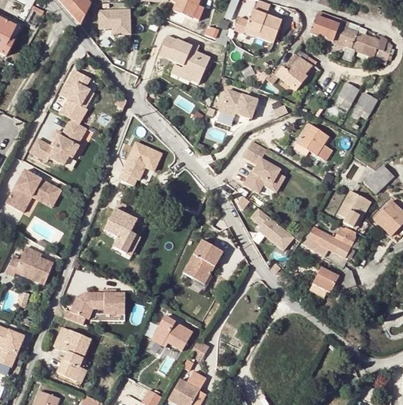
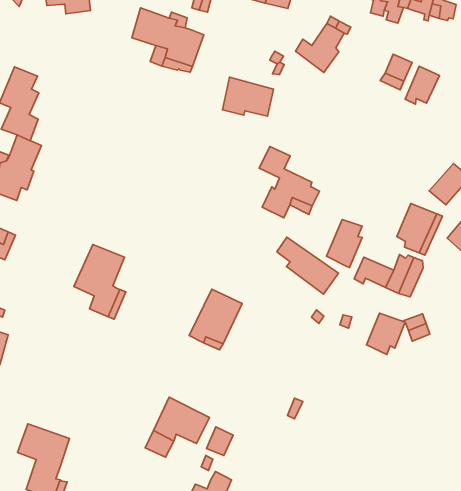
building: [297,123,332,160] -> none
building: [119,139,165,186] -> none
building: none -> [327,219,362,268]
building: [65,292,125,324] -> none

